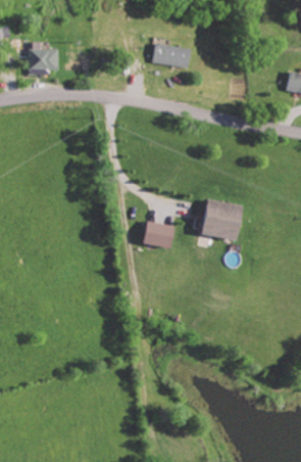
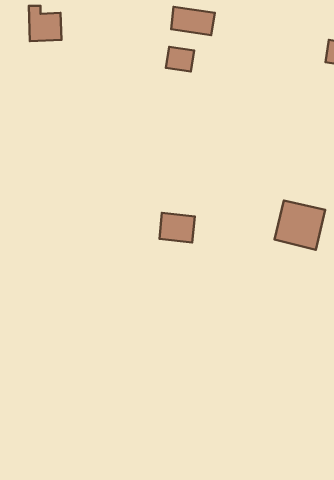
building: none -> [166,47,194,71]
building: [198,198,242,241] -> [275,200,325,250]

